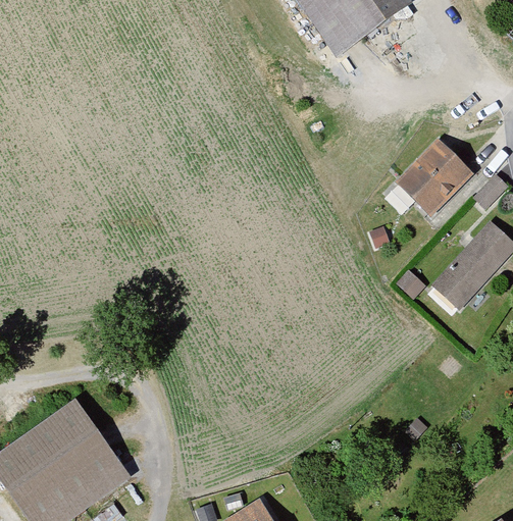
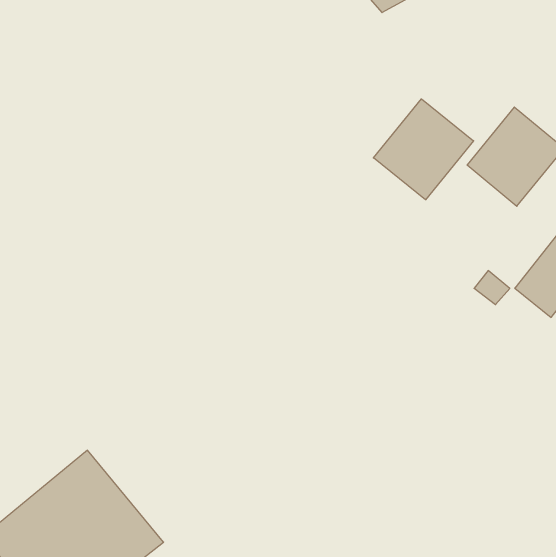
building: none -> [373,99,474,200]

